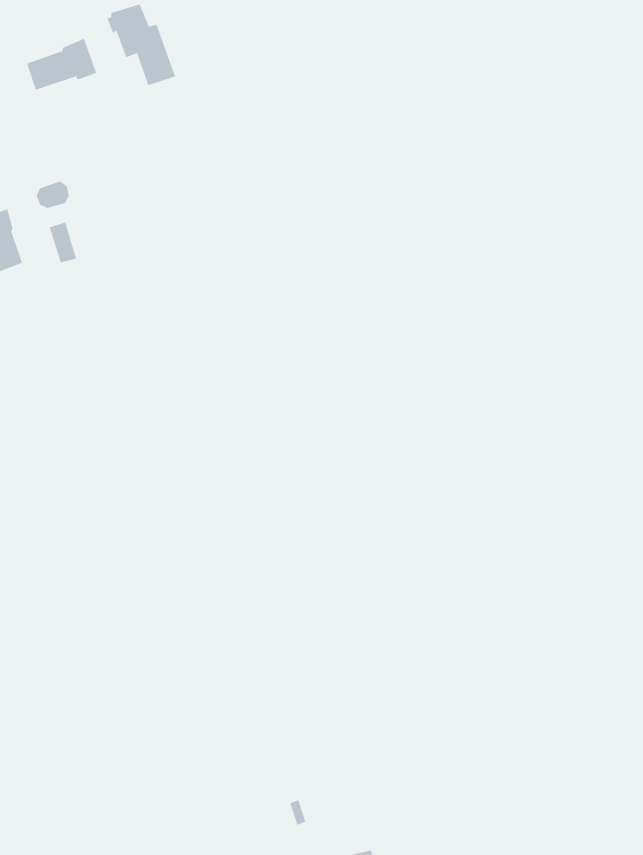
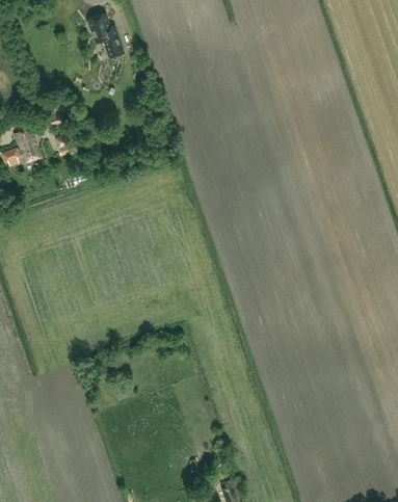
building: [27,38,97,91] -> none

